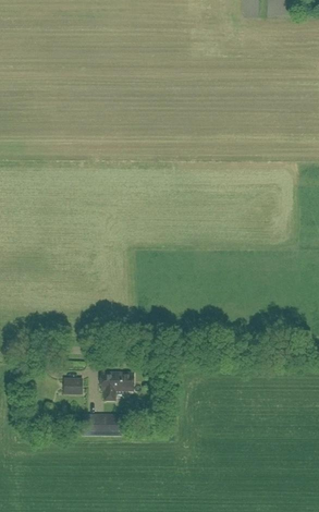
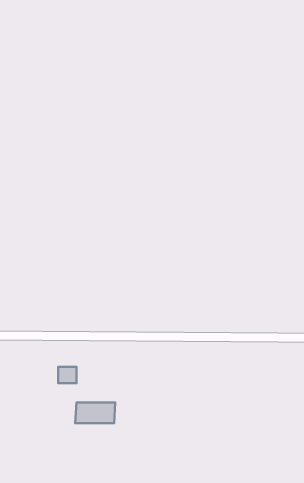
building: [105,373,137,400] -> none

